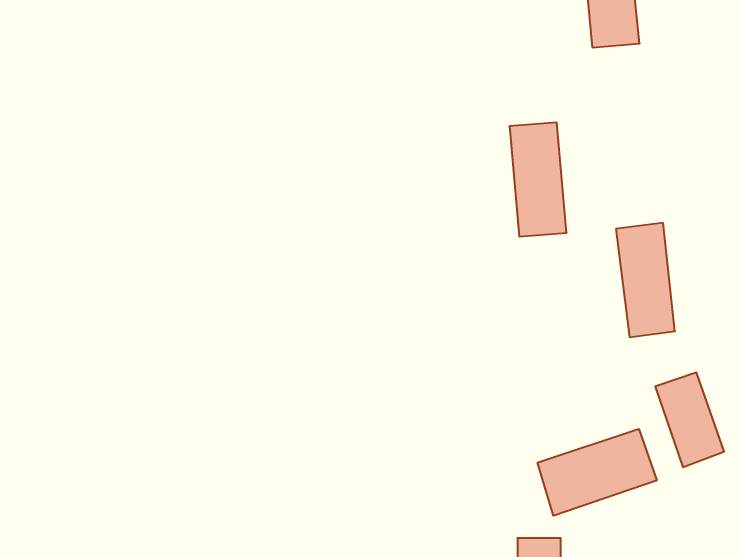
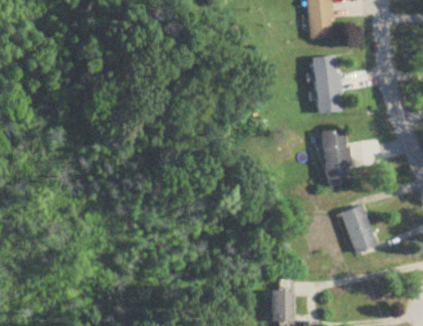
building: [509,122,567,237] -> [312,54,342,113]
building: [538,429,657,516] -> none

